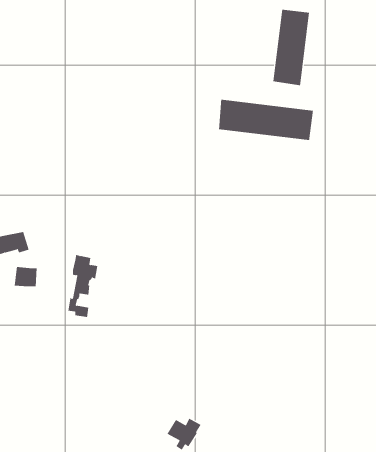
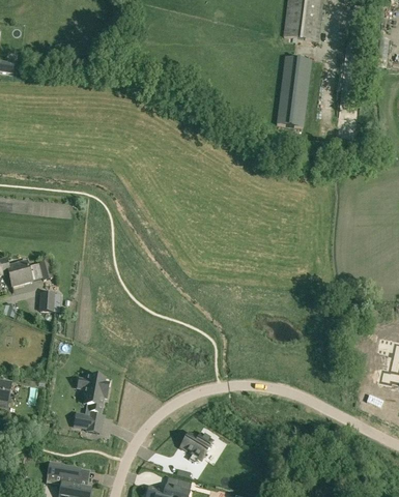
building: [218,99,313,141] -> none
building: [68,254,98,318] -> [81,374,109,432]

